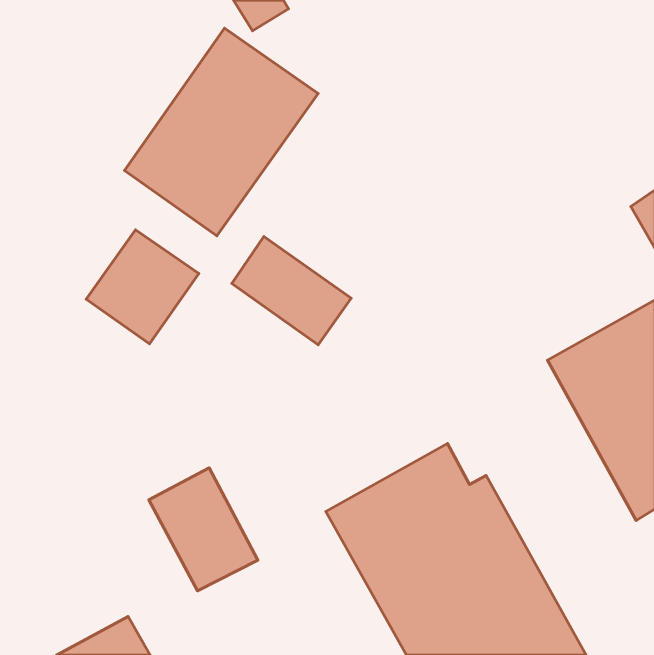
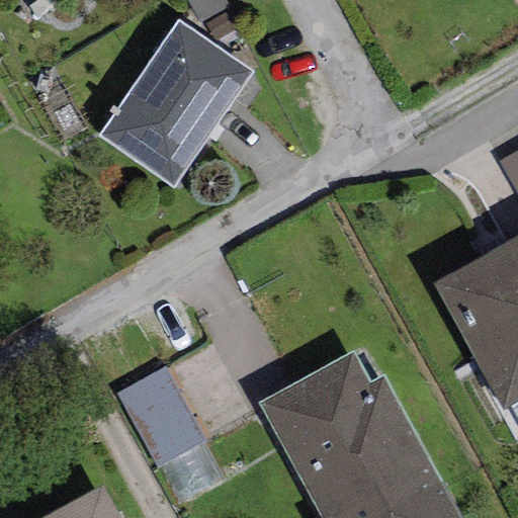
building: [86,230,199,344] -> none
building: [232,237,351,345] -> none

